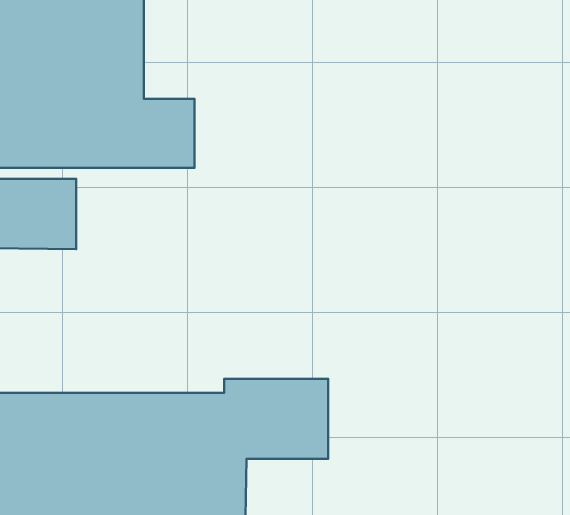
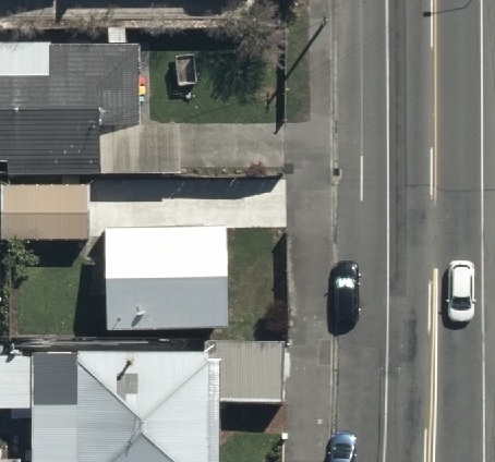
building: none -> [102,224,226,327]

